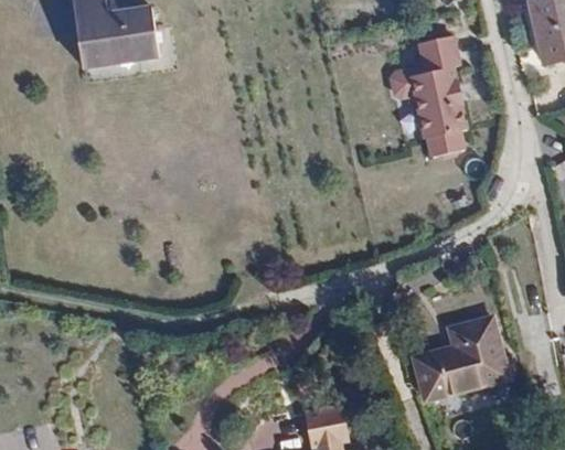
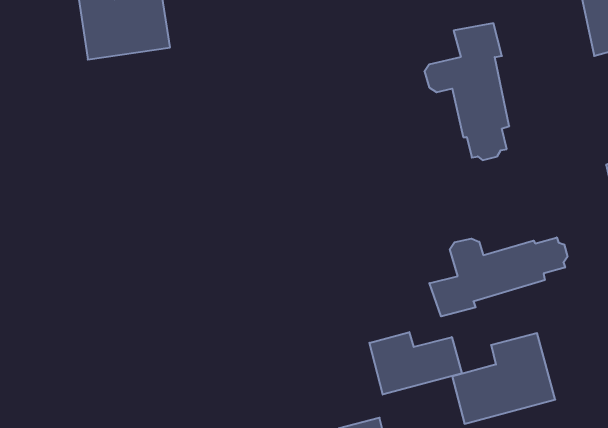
building: none -> [429,237,567,316]
building: none -> [369,332,462,395]

